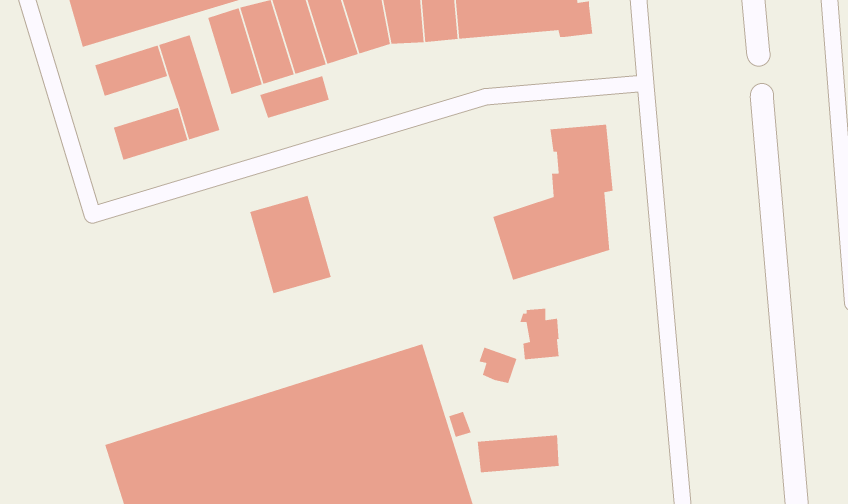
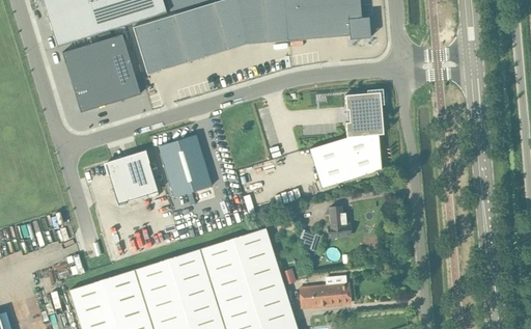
building: [259,75,330,119] -> none
building: none -> [71,63,116,94]
building: none -> [105,150,160,203]

